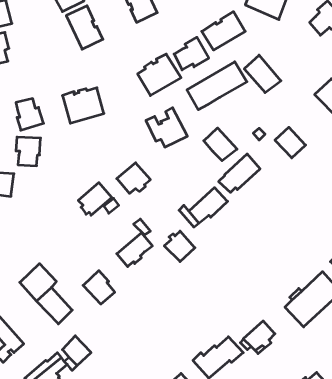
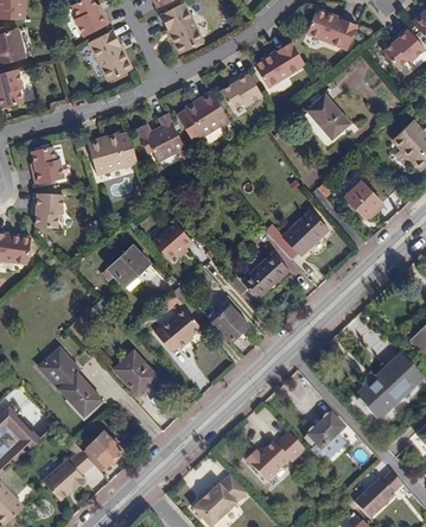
building: [187,62,247,110] -> none
building: [146,108,187,147] -> [136,112,186,159]
building: [204,128,237,161] -> none

